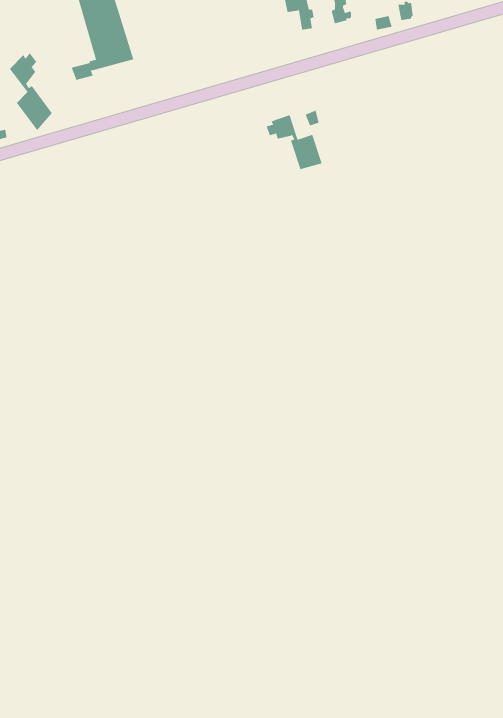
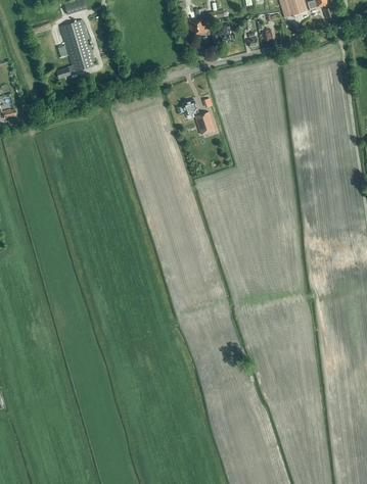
building: [9,53,53,131] -> none

